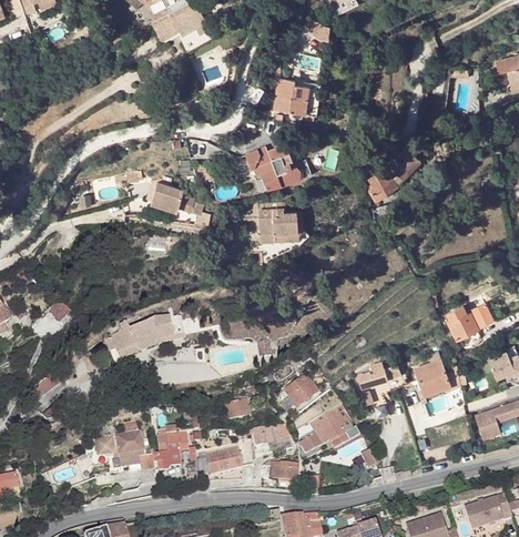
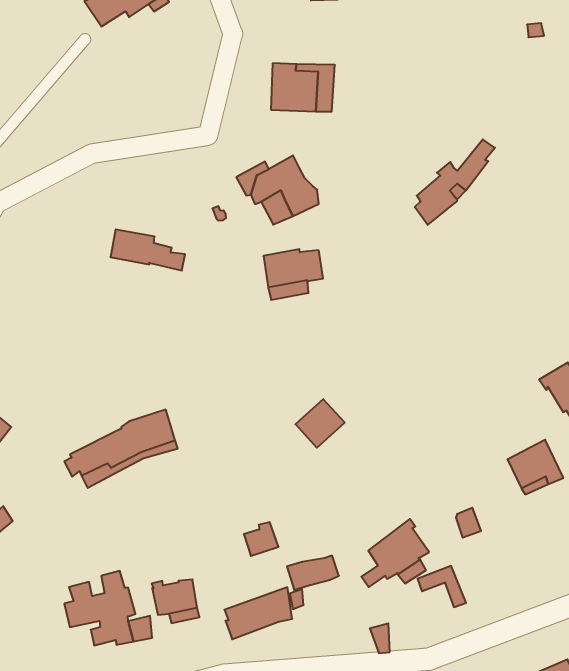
building: [356,362,400,388] -> none
building: [283,374,317,407] -> [295,399,345,448]
building: [263,457,296,480] -> none

